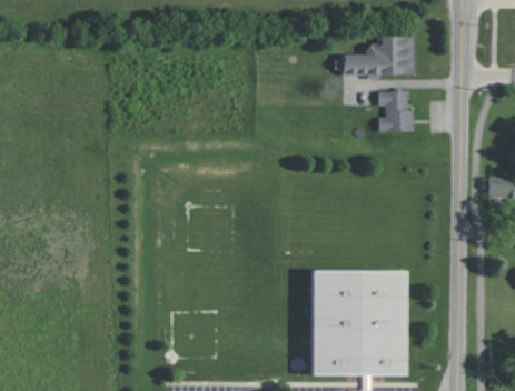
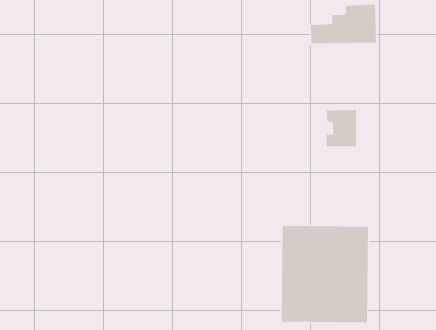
building: [378,90,412,131] -> [326,109,357,147]

